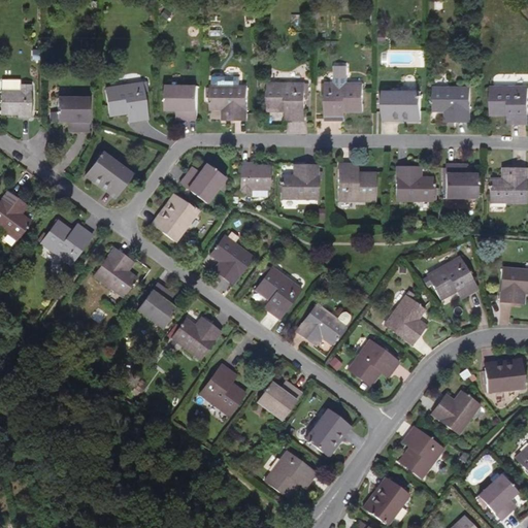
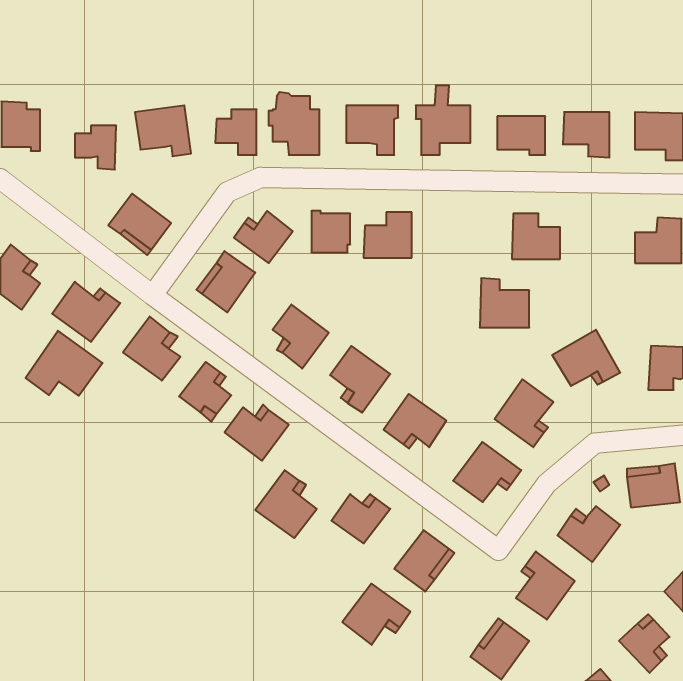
building: [337,163,375,201] -> [480,278,529,328]
building: [446,165,475,198] -> none
building: none -> [26,331,103,396]

